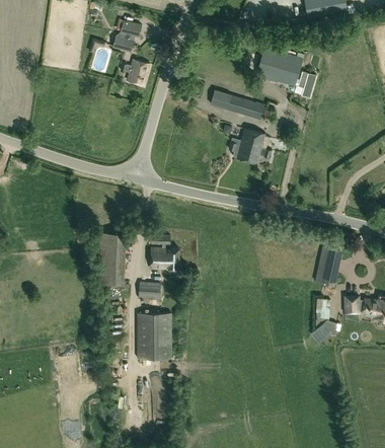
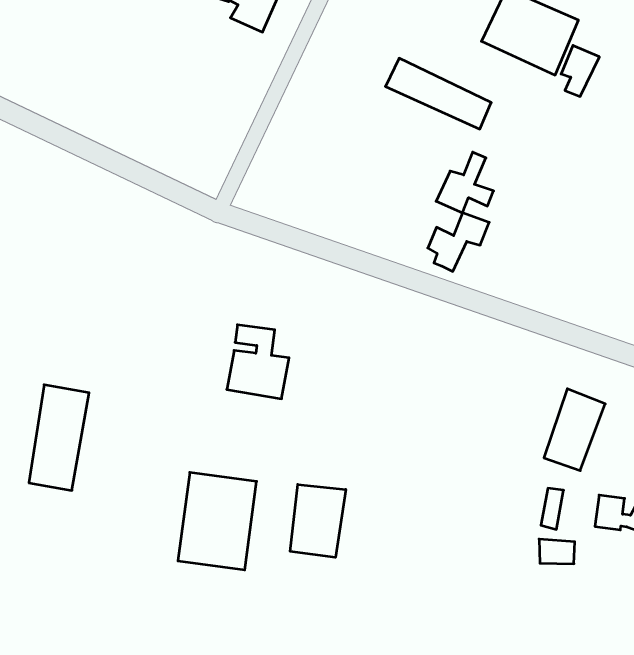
building: [229,129,258,159] -> [428,213,489,271]
building: [99,230,124,282] -> [29,385,89,490]
building: [138,281,161,301] -> none
building: none -> [290,484,346,557]

